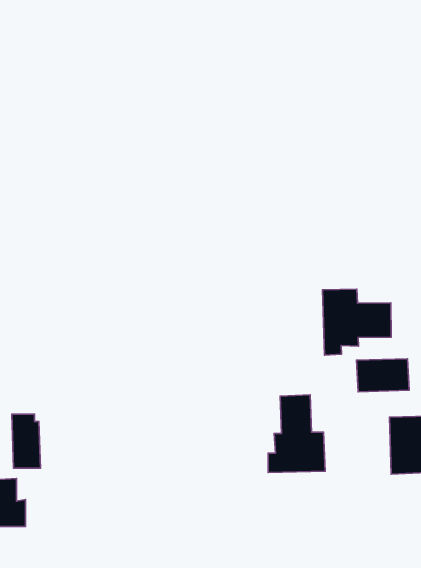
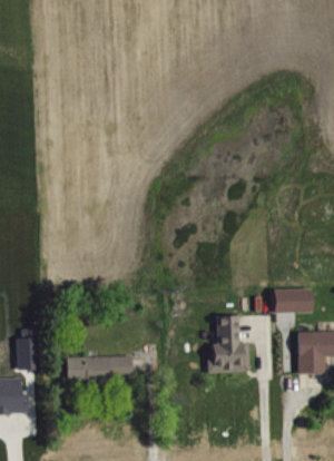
building: [323,289,391,355] -> none
building: none -> [66,356,132,381]

